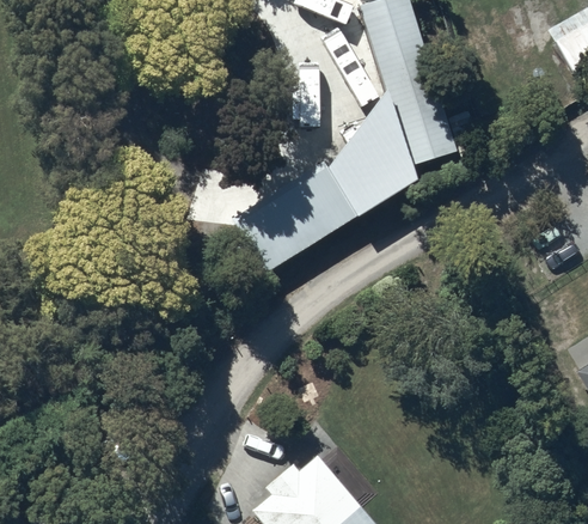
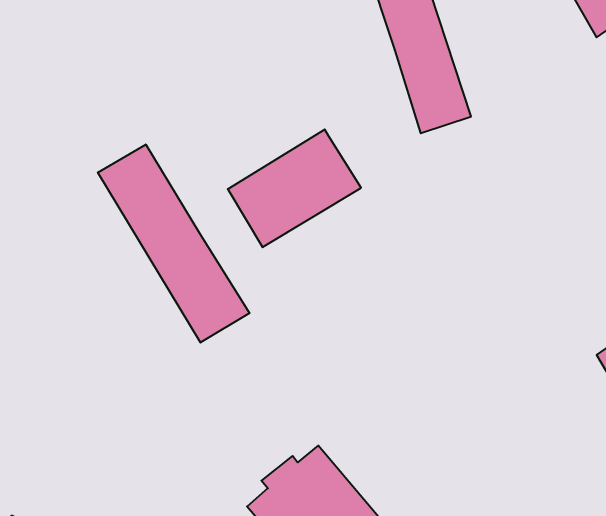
building: [326,90,417,217] -> none
building: none -> [98,144,249,343]

